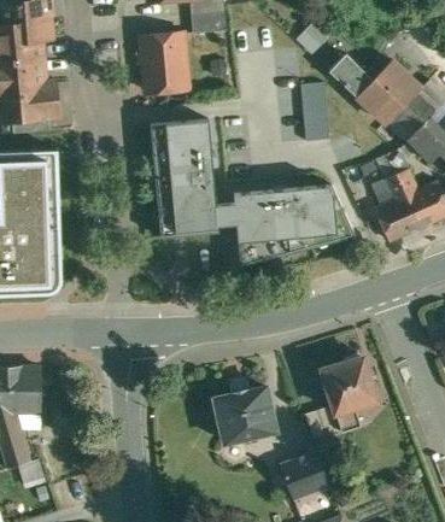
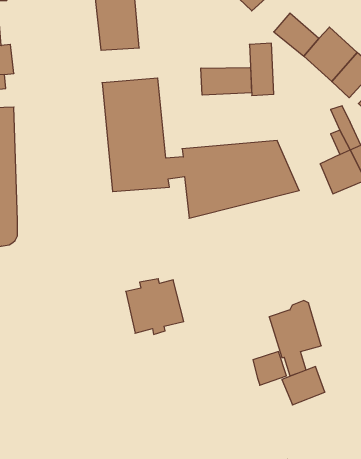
building: none -> [201,67,251,95]
building: [217,385,277,442] -> [126,279,184,334]
building: [285,458,329,498] -> [282,367,325,405]

